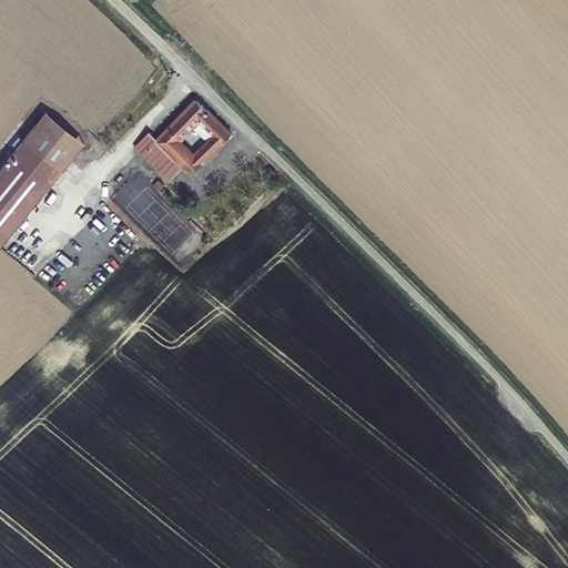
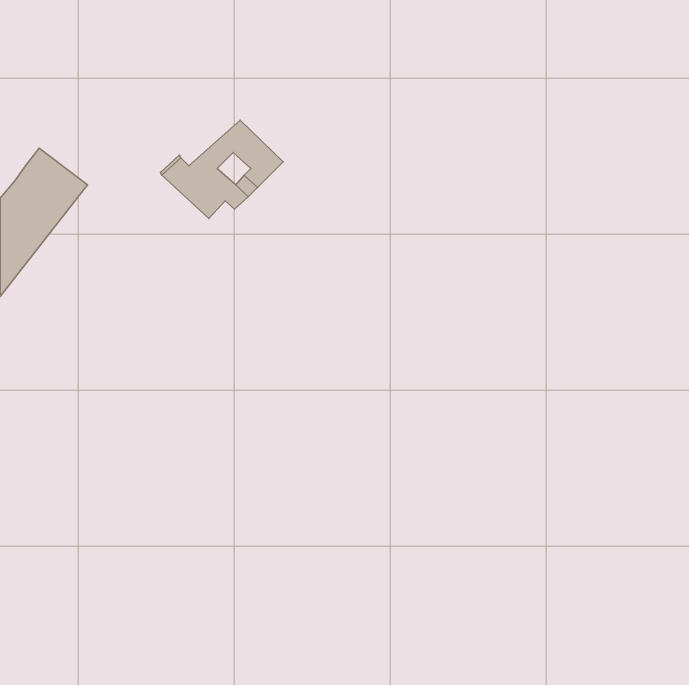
building: [32,112,82,155] -> none

